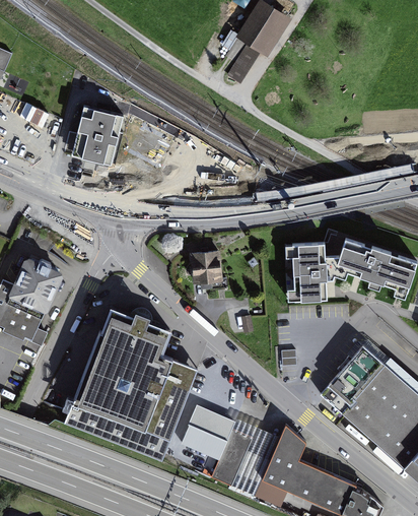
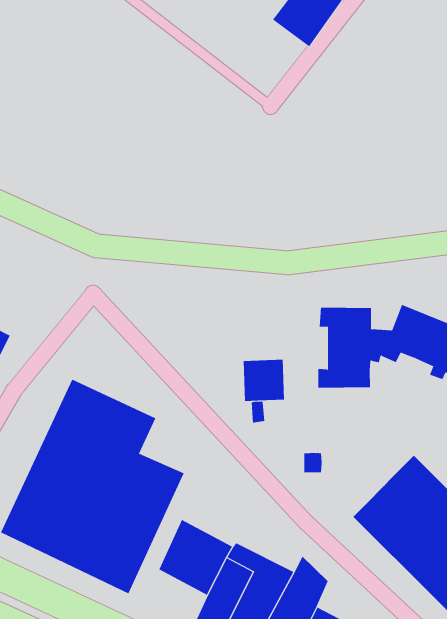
building: [228,44,255,80] -> none
building: [70,106,127,168] -> none
building: [190,250,222,282] -> [243,359,285,401]

